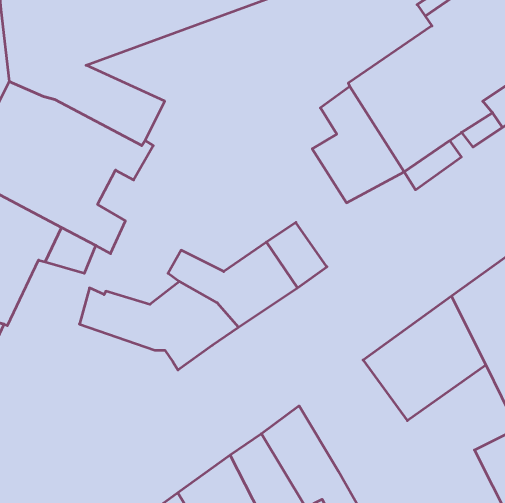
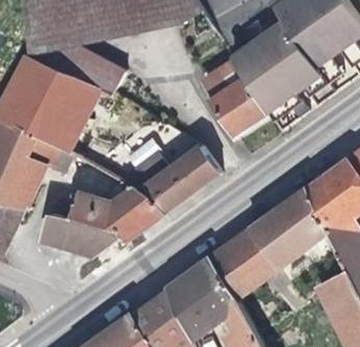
building: none -> [44,208,126,253]
building: none -> [206,232,275,302]

